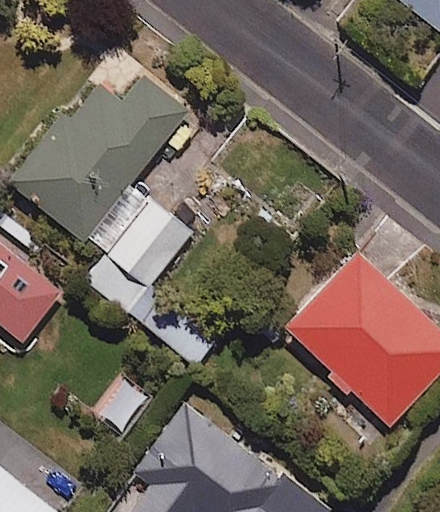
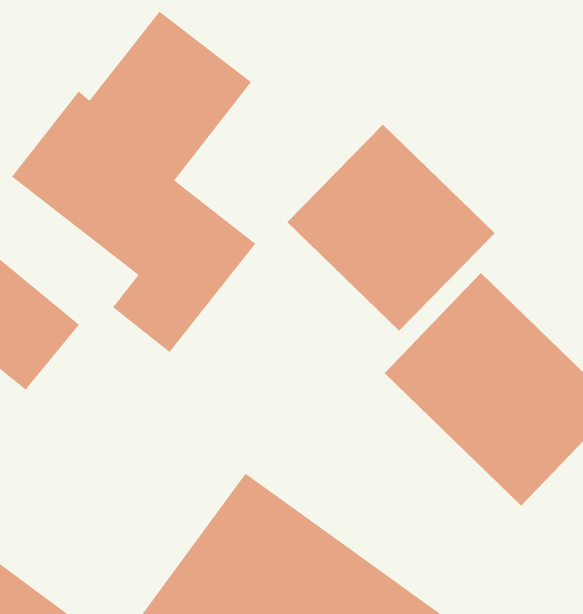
building: none -> [286,124,495,332]

